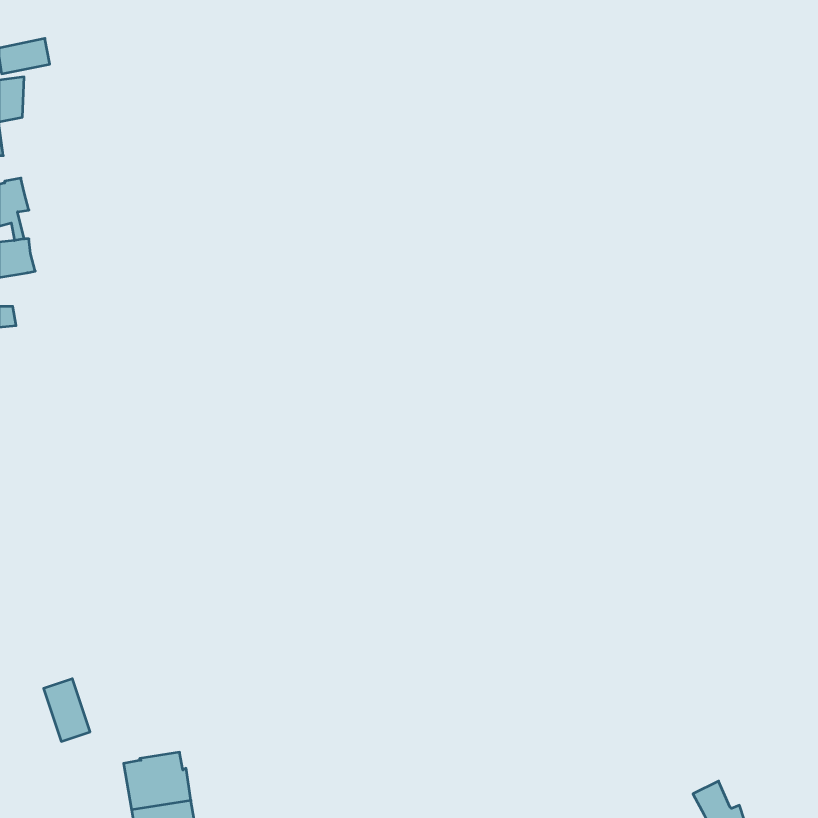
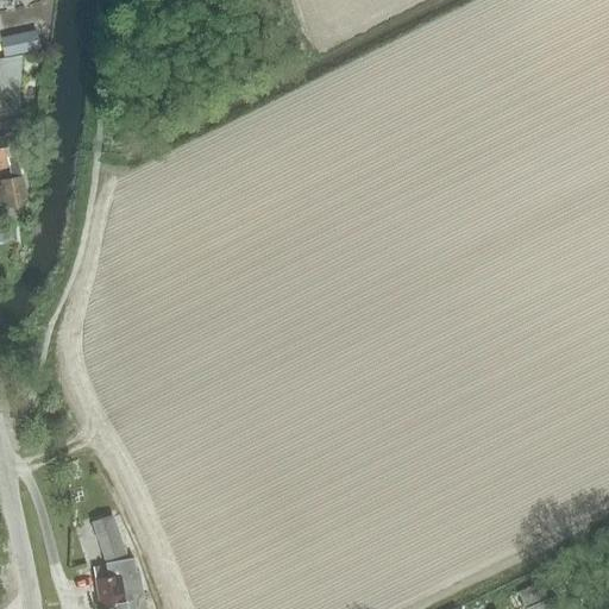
building: [44,679,90,741] -> [90,516,125,563]

